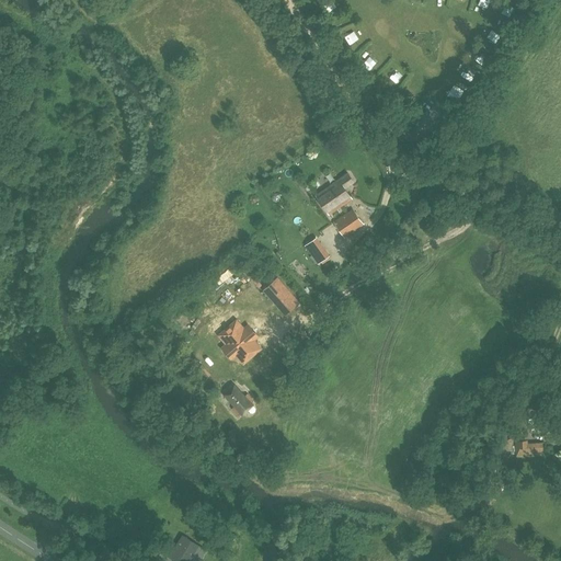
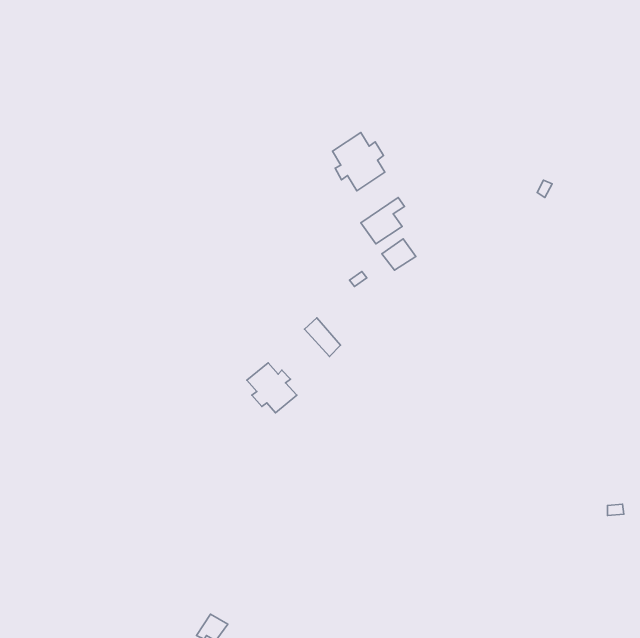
building: none -> [333,133,385,191]
building: [222,385,254,416] -> none

